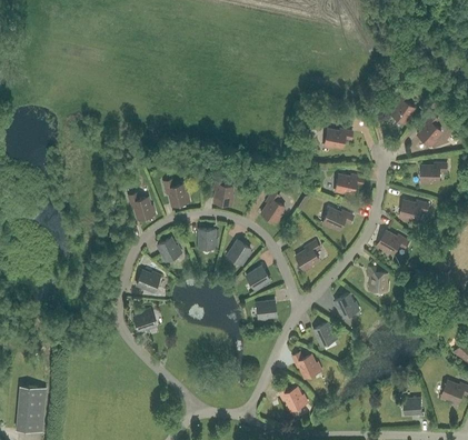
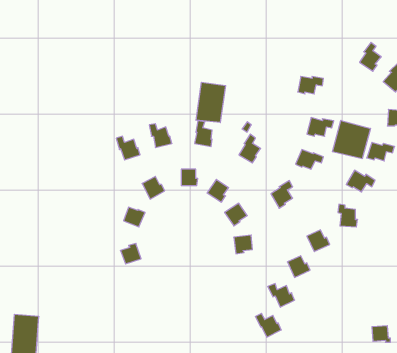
building: none -> [196,82,226,123]
building: none -> [332,120,370,159]

